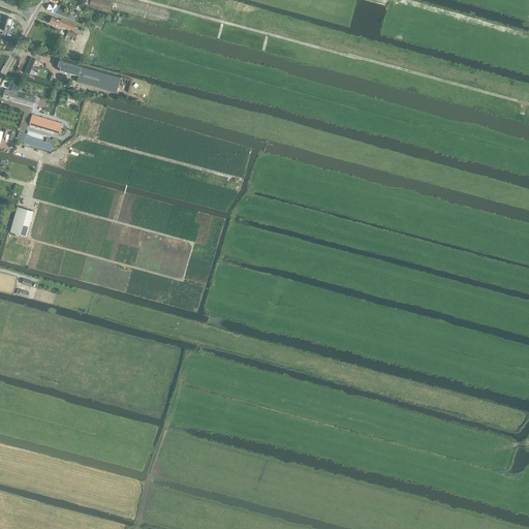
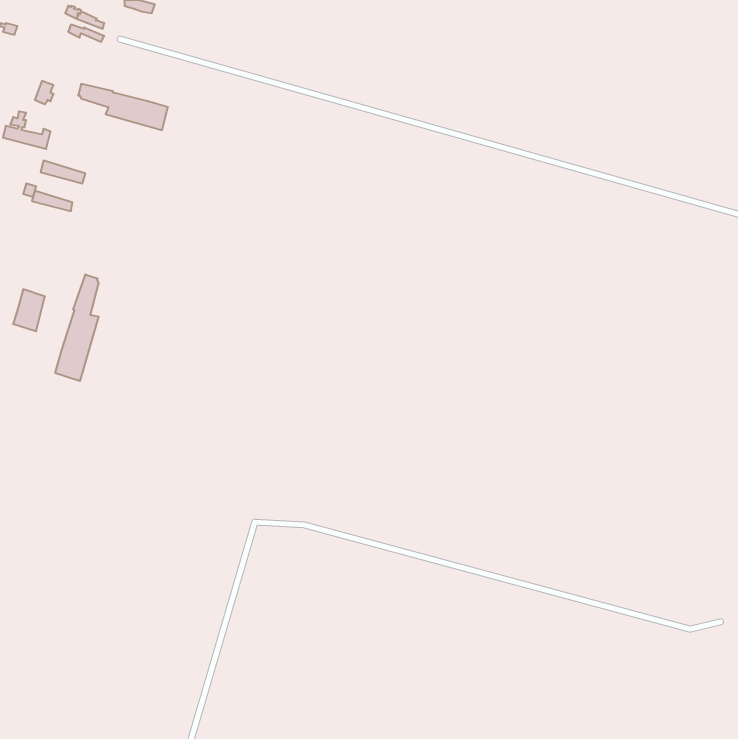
building: none -> [55,274,99,381]

